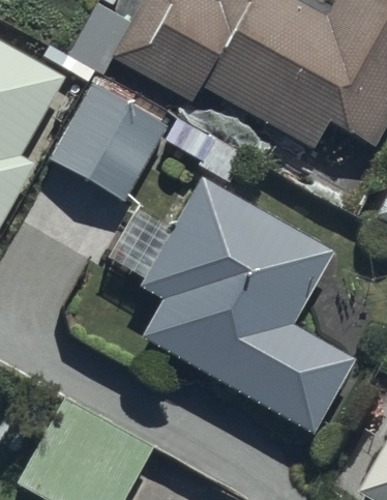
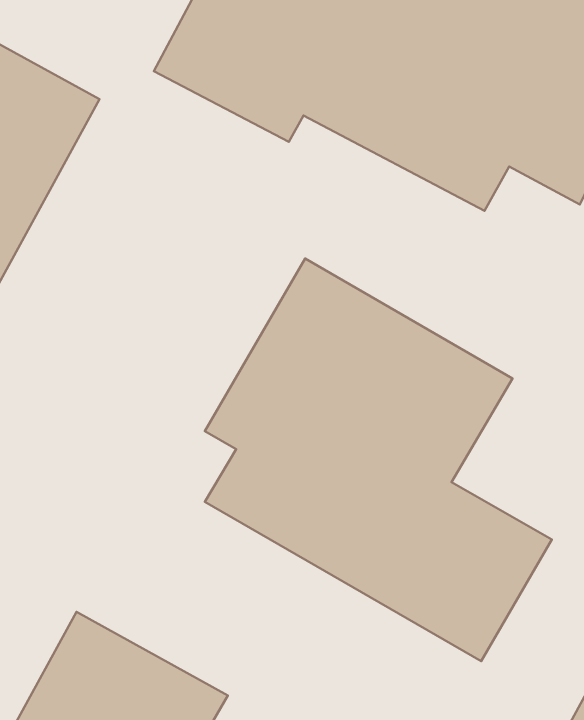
building: [50,81,169,198] -> none

